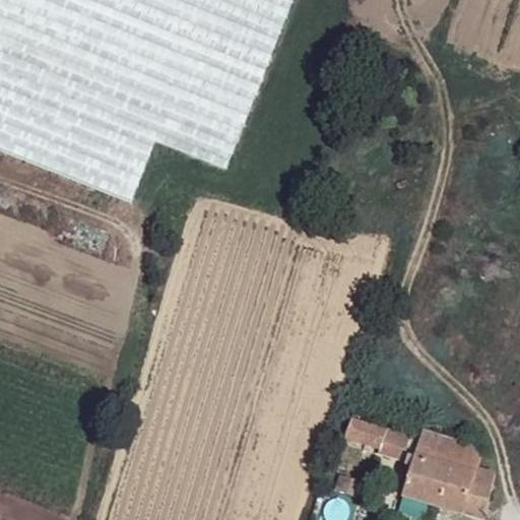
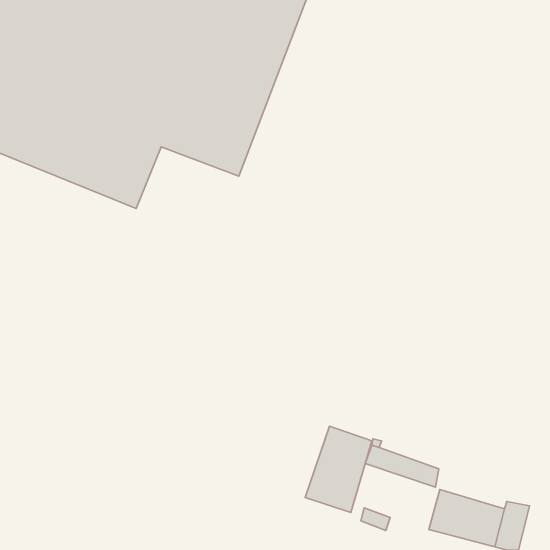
building: none -> [305,426,372,512]
building: [413,435,482,478] -> none

